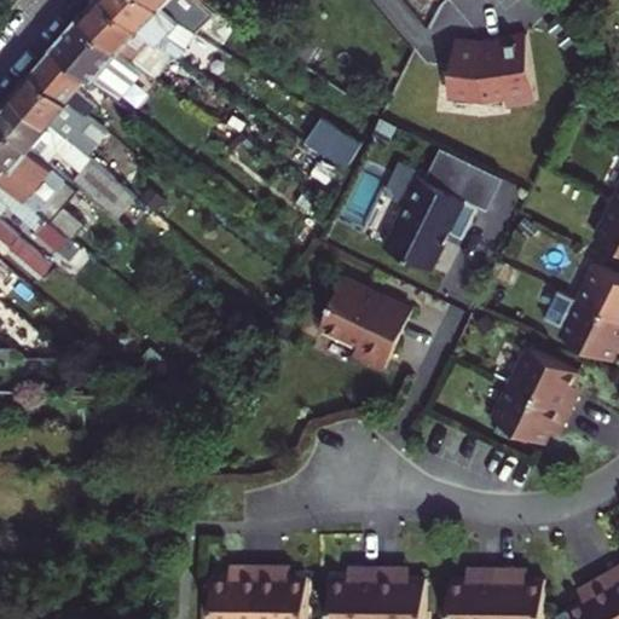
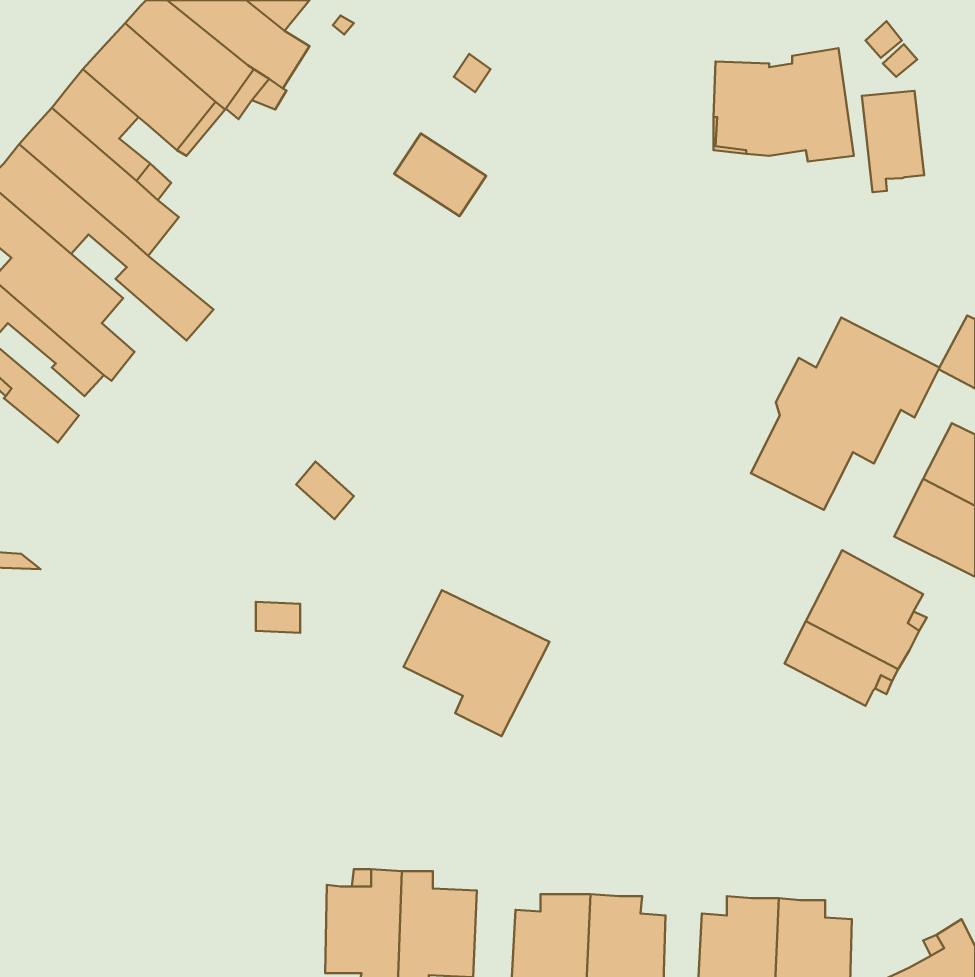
building: none -> [862,91,924,192]
building: [302,117,360,169] -> [394,134,486,216]
building: [386,149,504,270] -> [751,317,939,510]
building: [319,277,411,369] -> [403,590,550,736]

